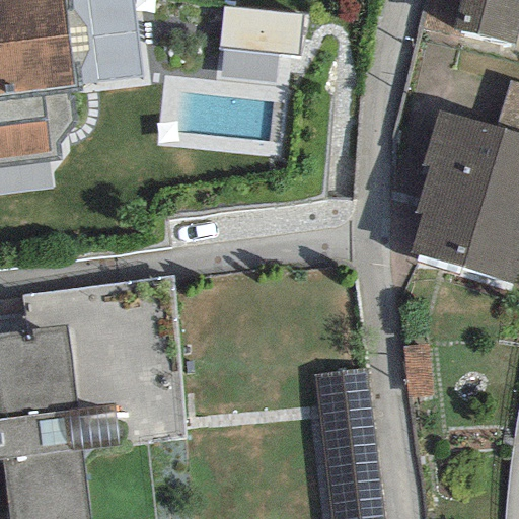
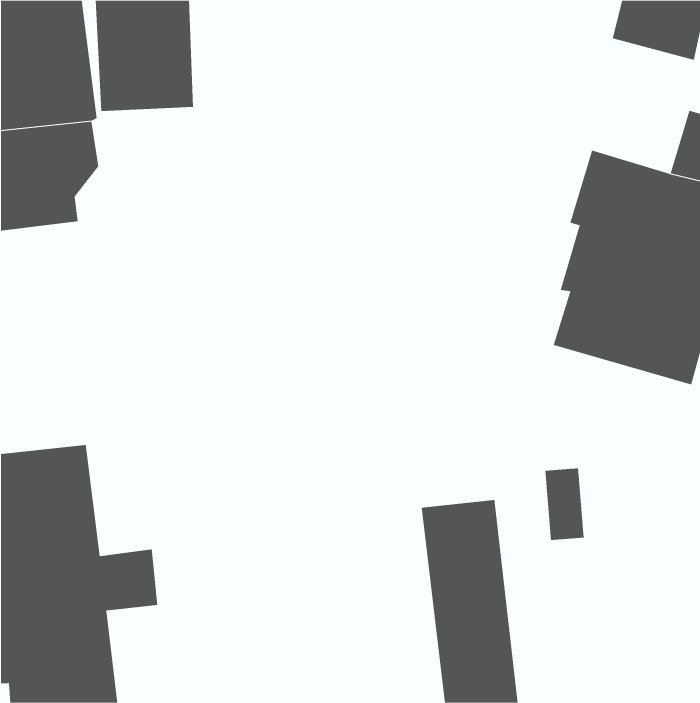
building: [219,7,302,58] -> none

